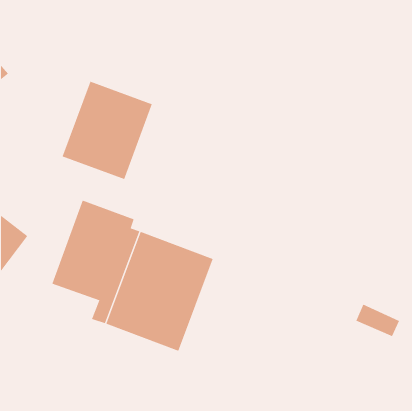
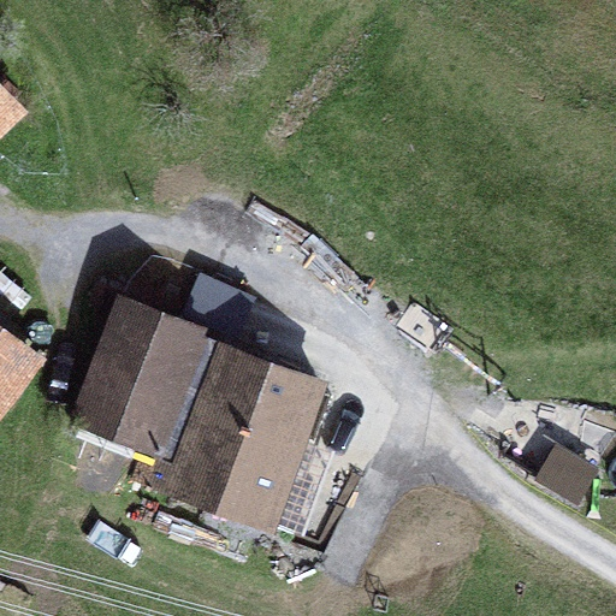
building: [62,81,152,180] -> none

